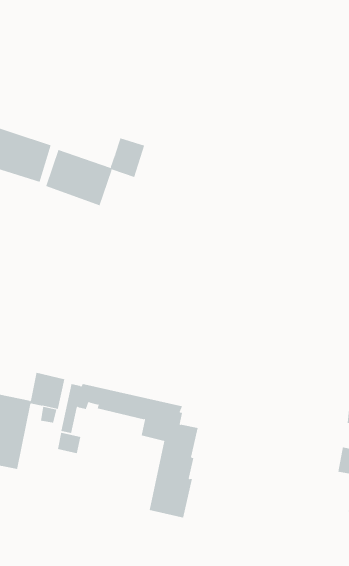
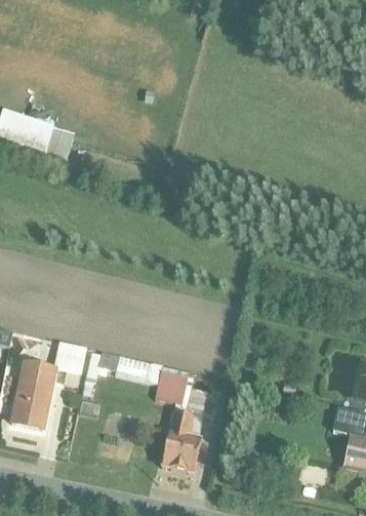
building: [46,137,145,206] -> none

